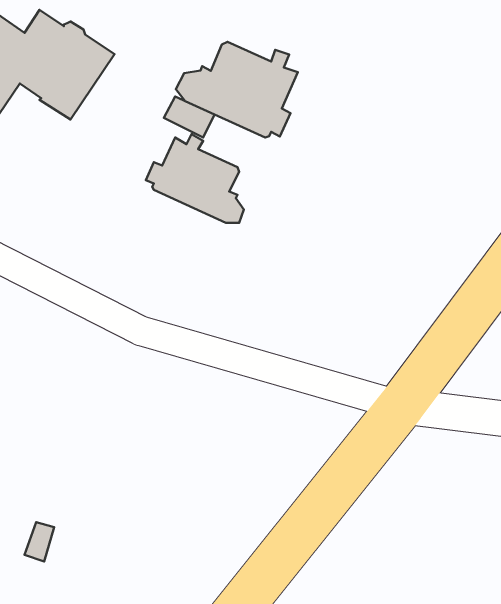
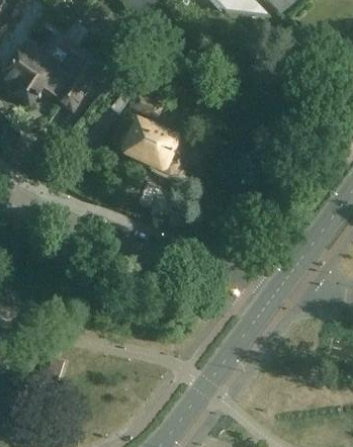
building: [176,42,298,138] -> none

